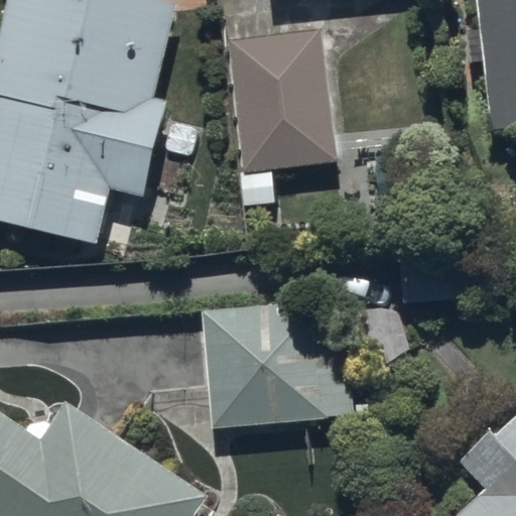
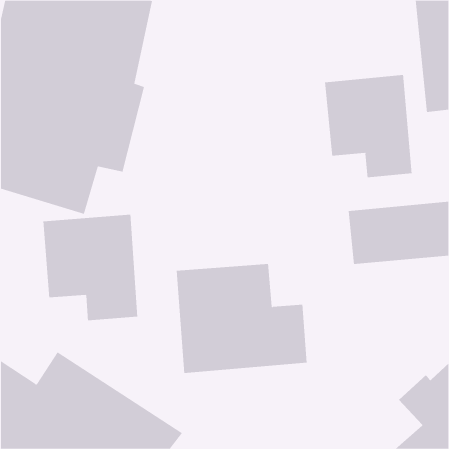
building: [232,42,342,217] -> none
building: none -> [325,74,412,178]
building: none -> [43,214,138,321]

